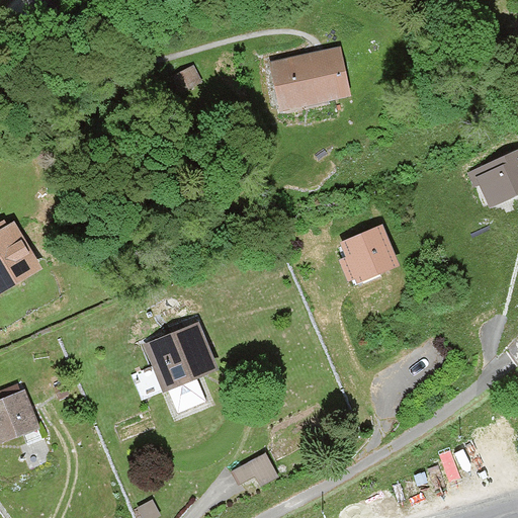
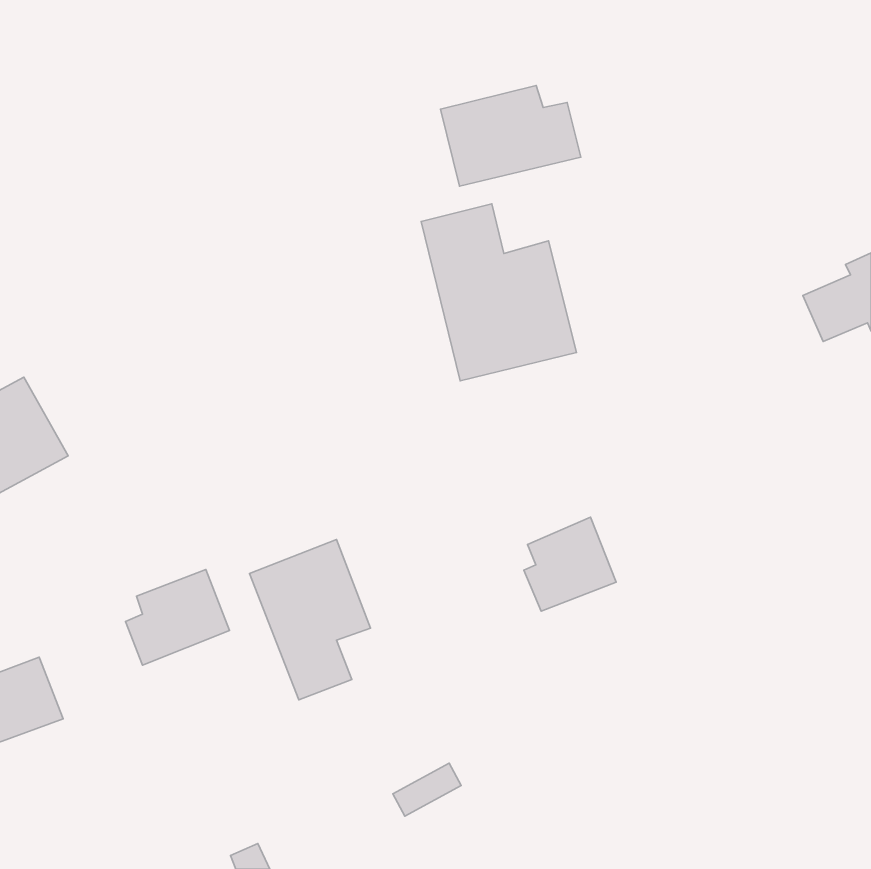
building: none -> [421,204,576,381]
building: [341,229,396,284] -> [524,517,616,611]
building: none -> [126,569,230,665]

